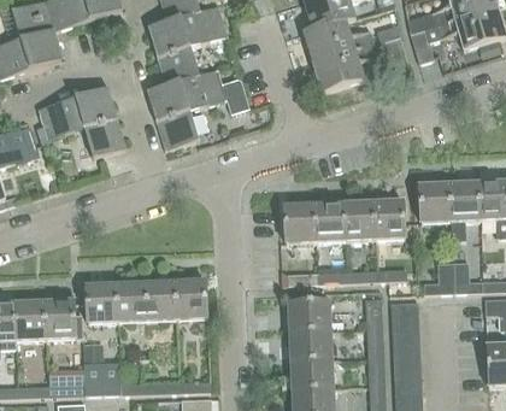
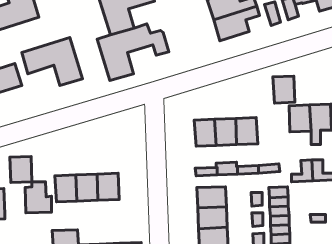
building: [372,200,404,239] -> [273,76,295,103]
building: [176,280,207,318] -> none
building: [13,301,45,339] -> [10,156,32,183]

